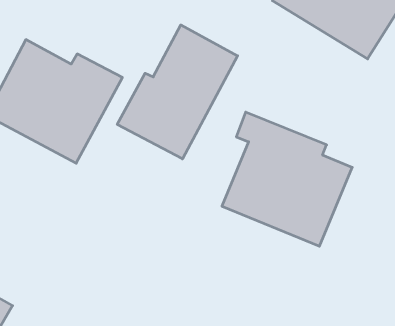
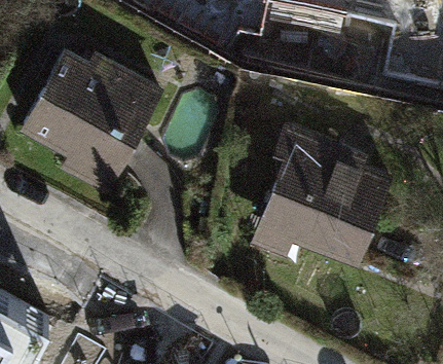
building: [117,25,238,159] -> none

